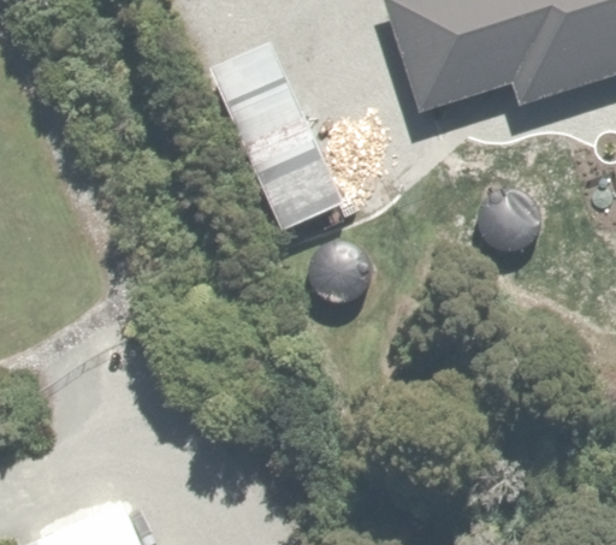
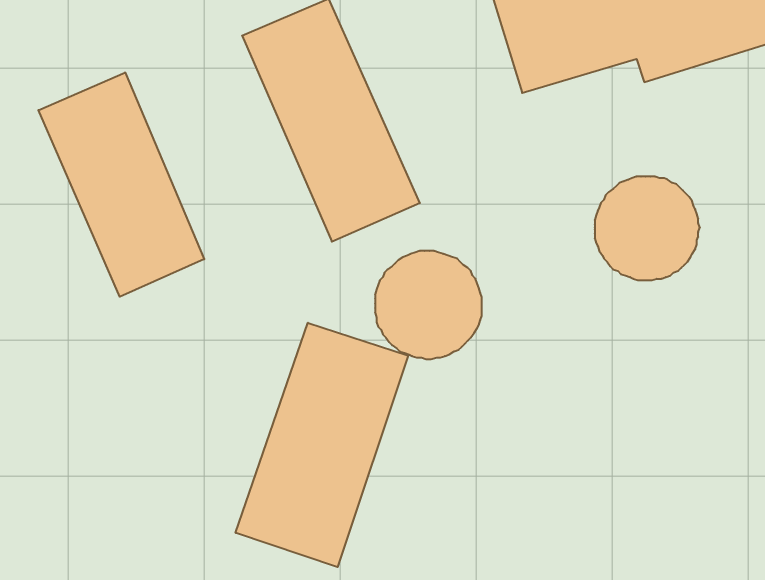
building: none -> [38,72,204,297]
building: none -> [236,323,408,567]

